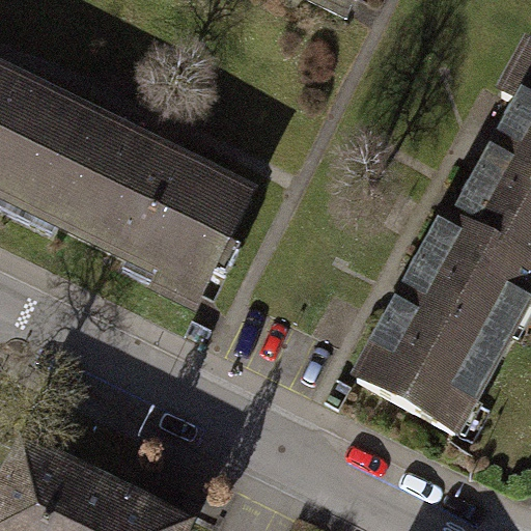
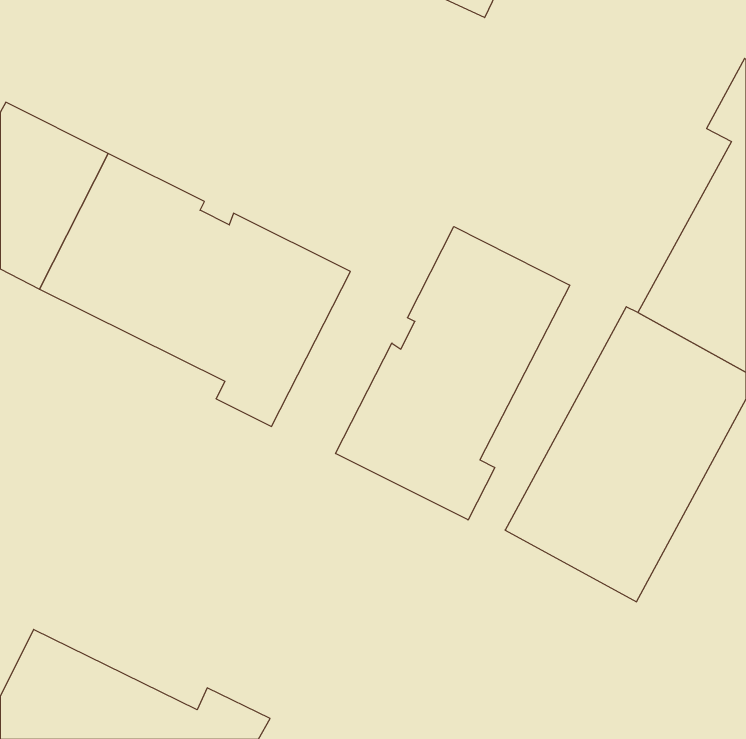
building: none -> [336,227,570,520]

